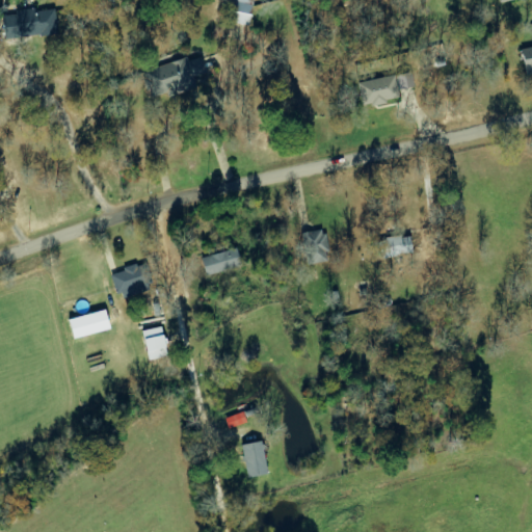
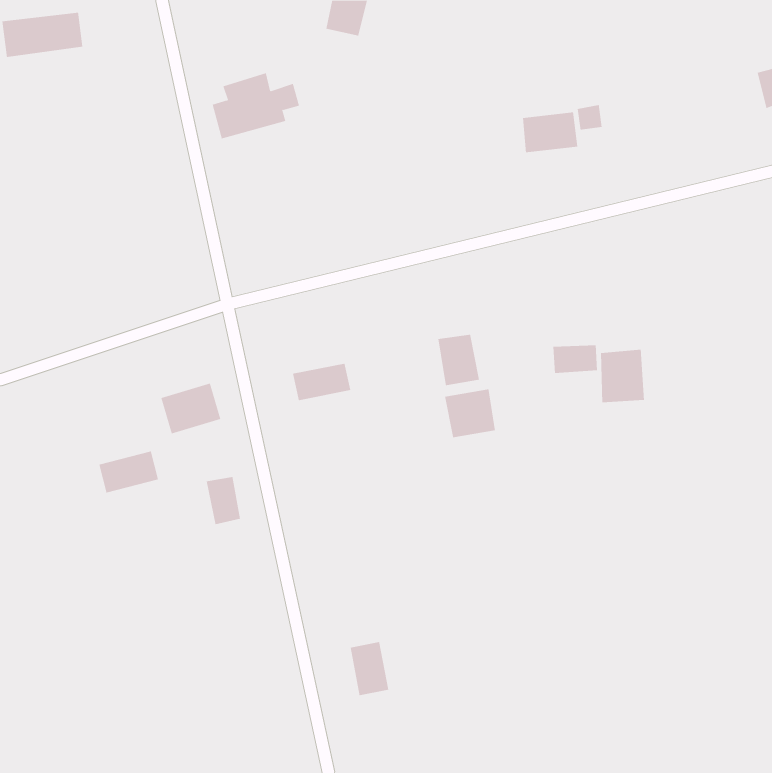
building: none -> [600,349,645,403]
building: none -> [445,389,496,438]

